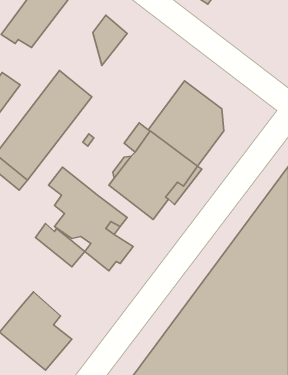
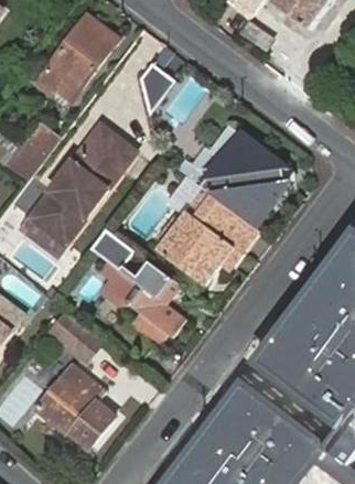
building: [35,223,85,267] -> [47,314,101,362]

